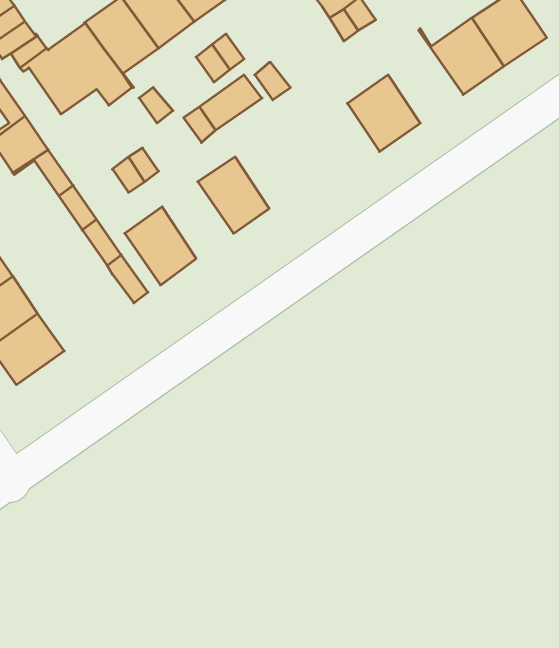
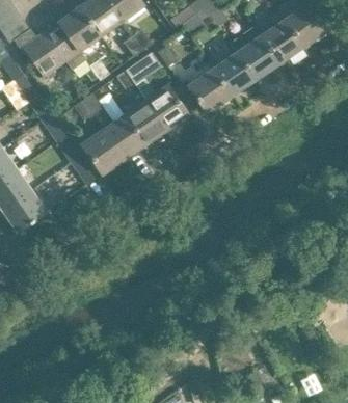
building: none -> [229,26,278,80]
building: none -> [187,69,230,112]
building: none -> [145,85,187,130]
building: none -> [103,114,144,159]

